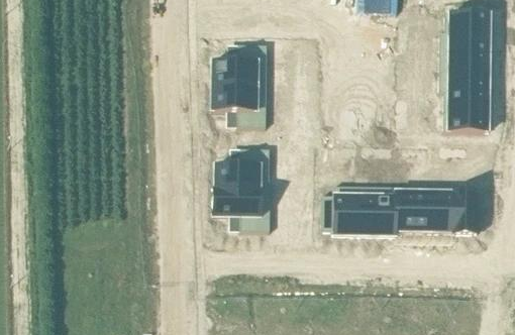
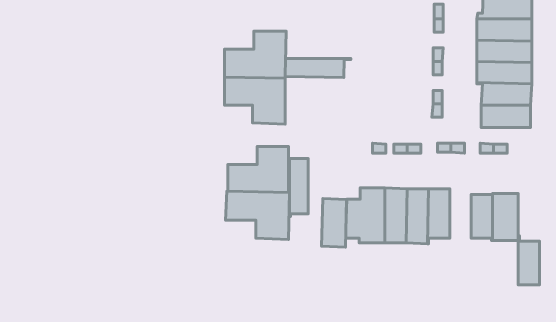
building: none -> [285,58,351,78]
building: none -> [290,158,308,217]
building: [415,187,434,231] -> [518,236,540,285]
building: none -> [322,199,347,247]

